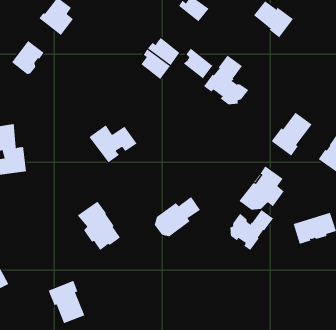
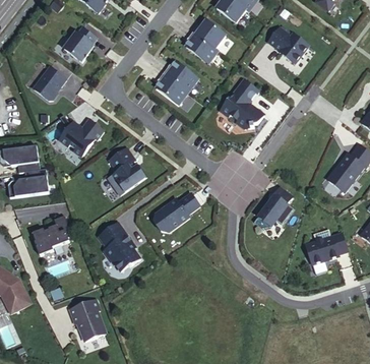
building: [183,48,214,79] -> [188,32,218,62]
building: none -> [60,118,104,156]
building: [271,112,313,157] -> none
building: none -> [32,216,70,256]
building: [154,196,201,237] -> [155,191,200,231]
building: [230,209,274,251] -> none

